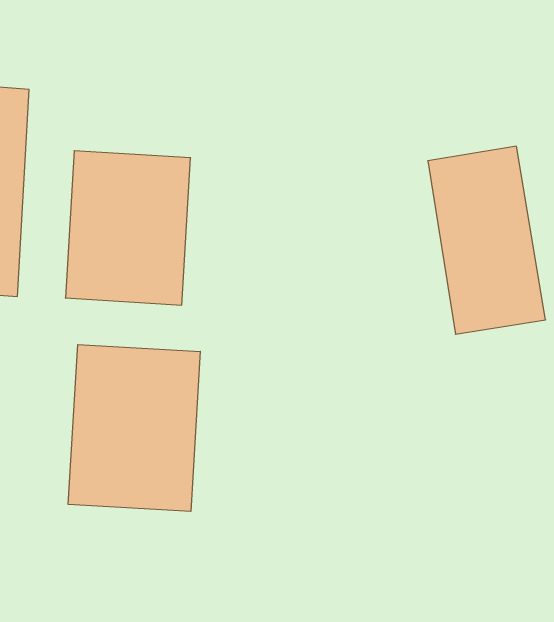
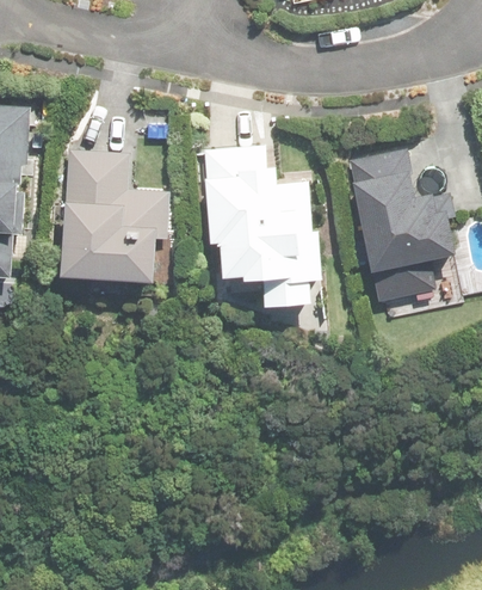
building: none -> [200,150,308,312]
building: [68,345,200,511] -> none

